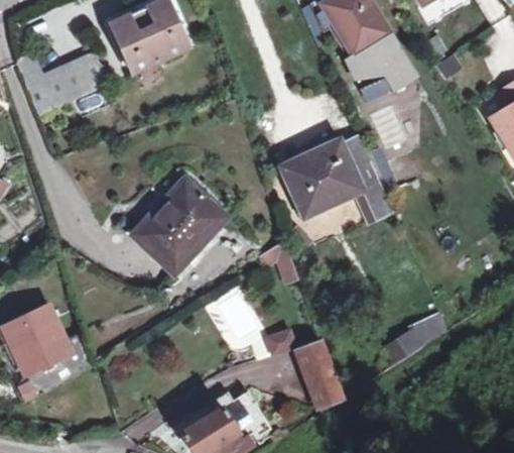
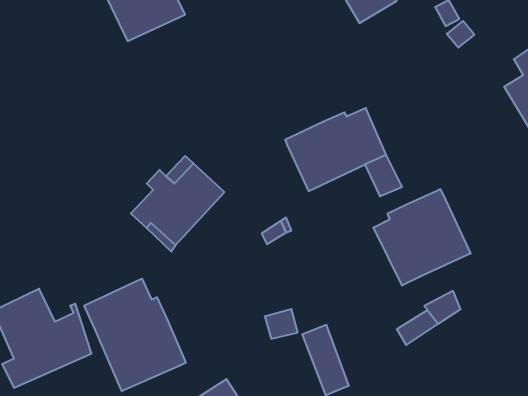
building: [16,53,110,115] -> none
building: none -> [373,189,471,286]
building: none -> [84,279,186,391]

